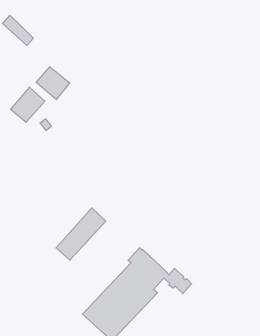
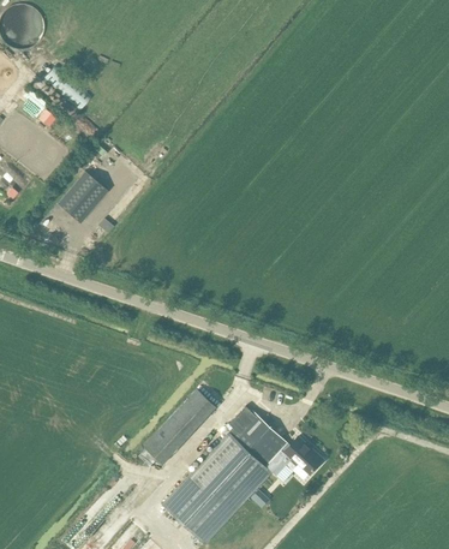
building: [36,67,70,100] -> none
building: [56,208,106,260] -> [145,387,218,464]

